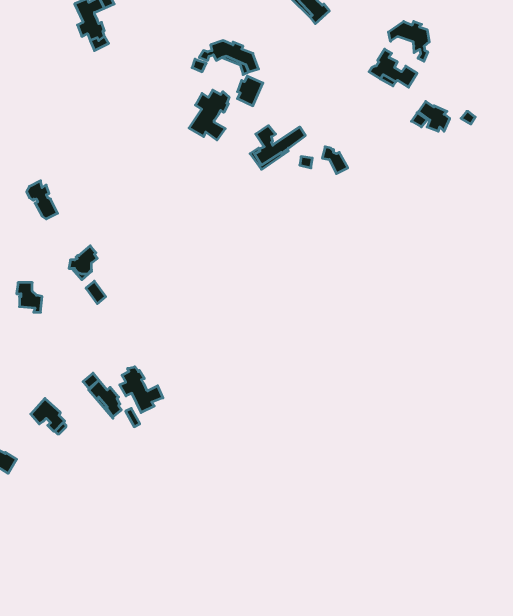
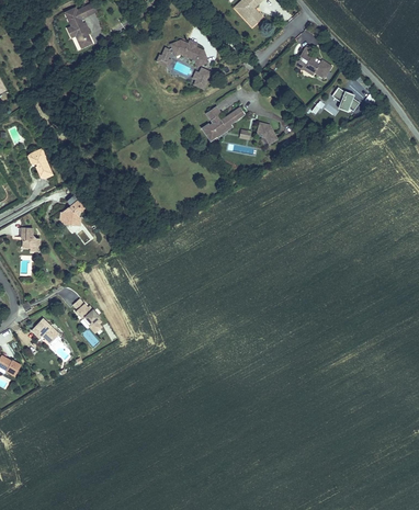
building: [388,21,429,61] -> none
building: [189,90,229,140] -> none
building: [120,367,163,413] -> none

